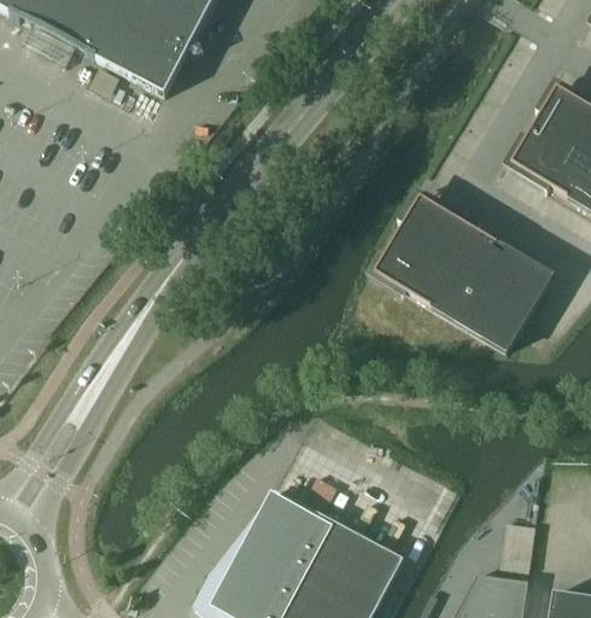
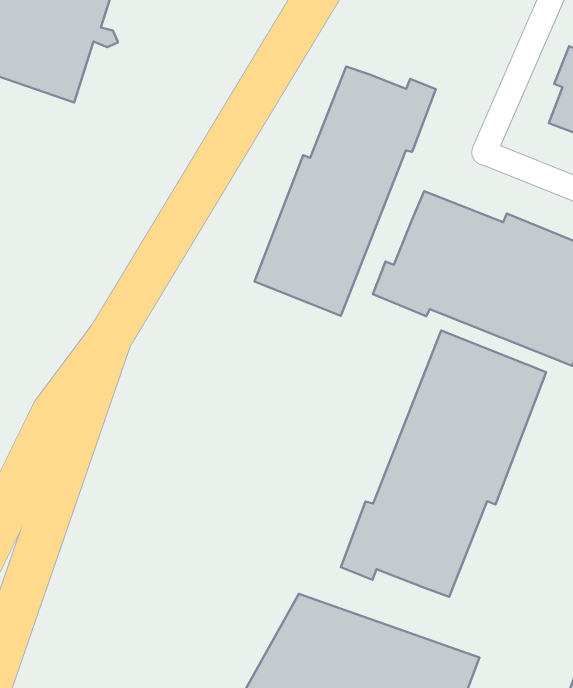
building: none -> [254,66,436,316]
building: none -> [341,331,546,597]

